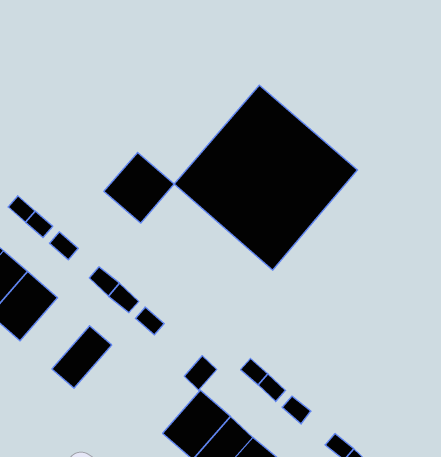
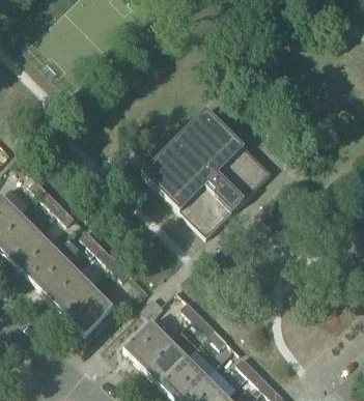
building: [104,152,174,223] -> none
building: none -> [28,249,77,297]
building: none -> [63,284,112,333]

